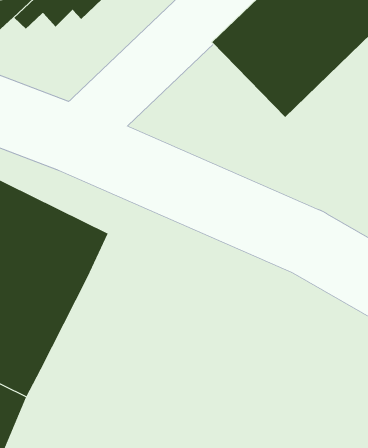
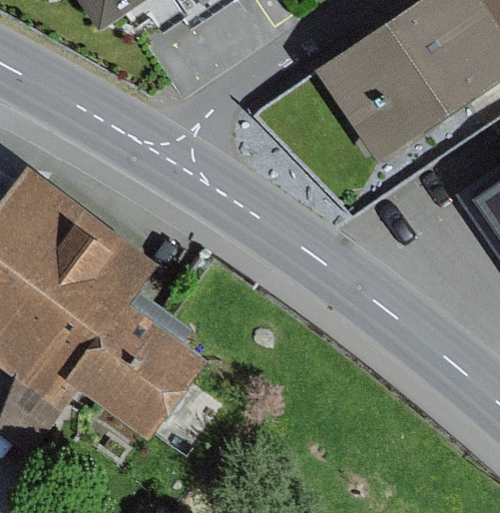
building: none -> [81,293,216,431]

